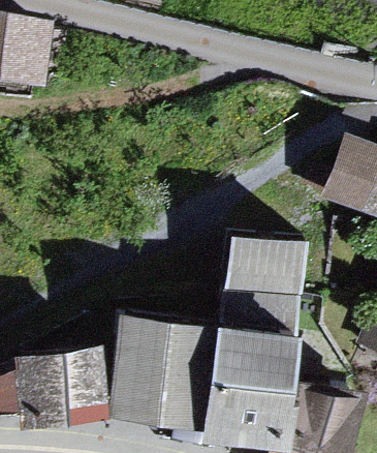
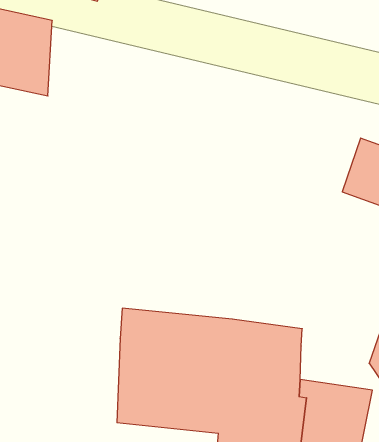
building: [225,231,305,346] -> none
building: [22,339,118,430] -> none

